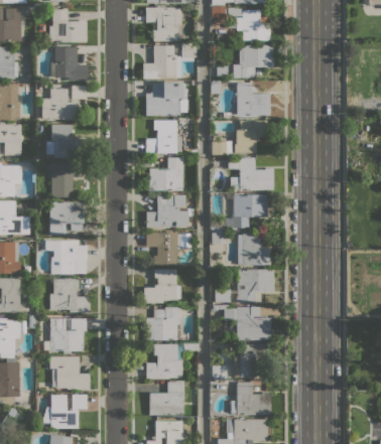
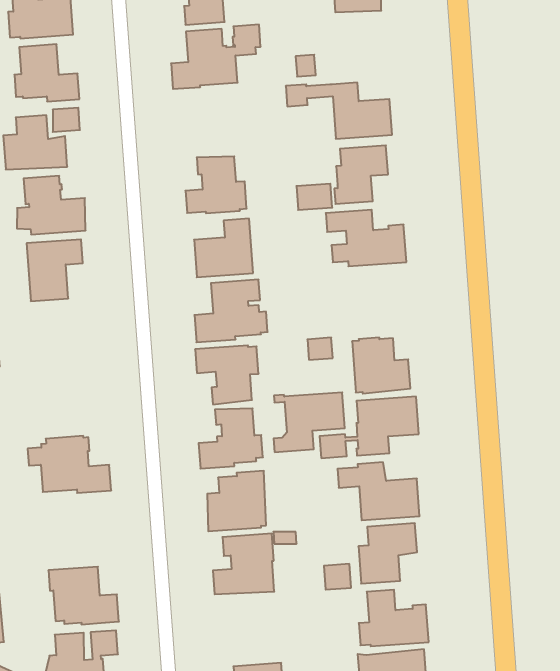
building: [233,45,273,78] -> none
building: [146,83,186,116] -> none
building: [225,194,267,228] -> [274,392,345,452]
building: [49,202,84,235] -> none
building: [45,241,87,274] -> none
building: [43,318,86,355] -> none
building: [149,383,183,415] -> none

